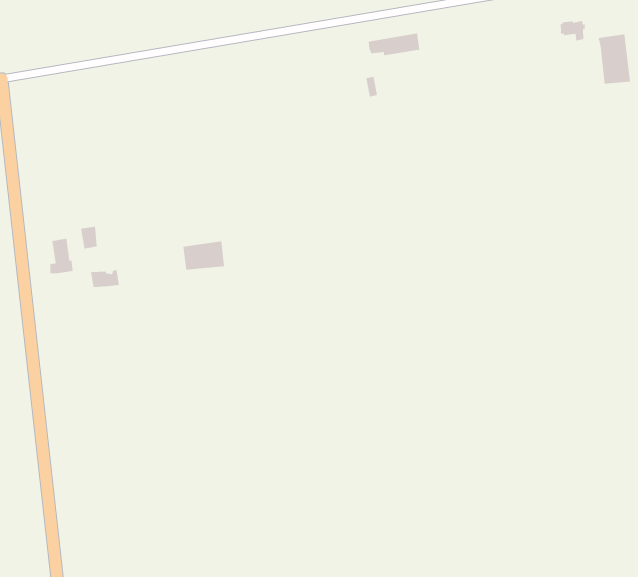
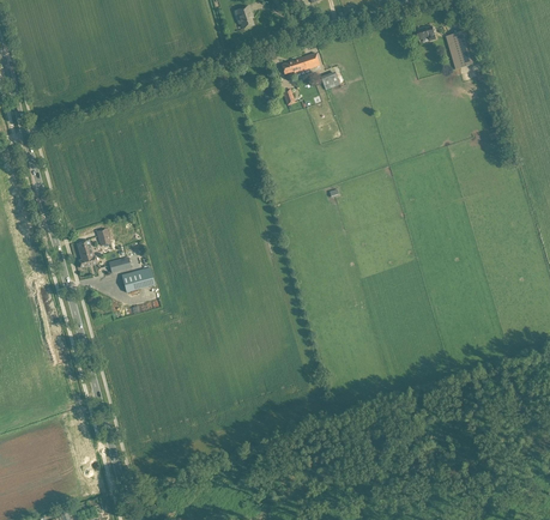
building: [183,241,225,270] -> [121,266,153,291]

